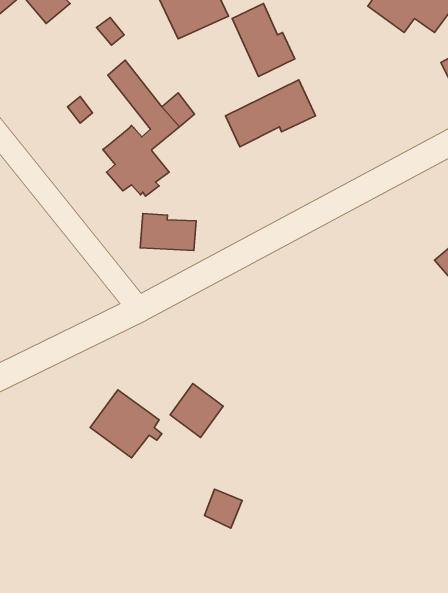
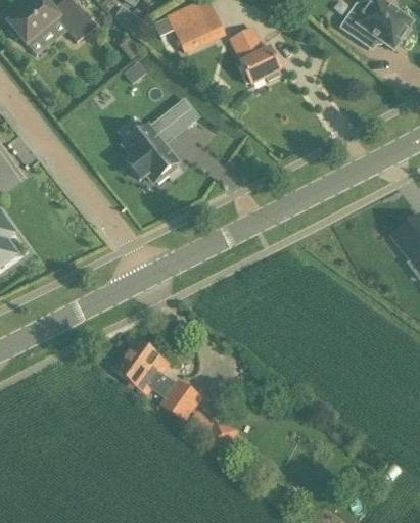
building: [225,80,316,147] -> none
building: [140,213,196,251] -> none
building: [170,383,223,437] -> [159,377,202,421]

